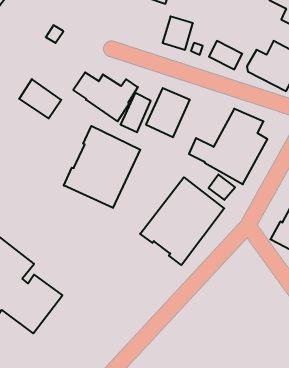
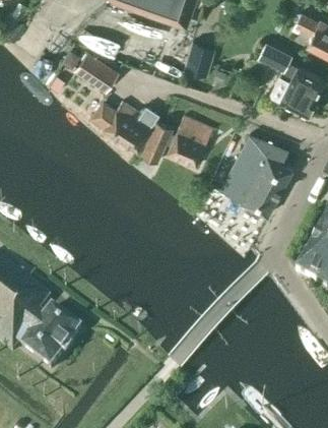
building: [209,41,242,69] -> [258,41,292,70]
building: [19,79,61,118] -> [74,50,118,90]
building: [64,126,140,208] -> none
building: [140,177,224,265] -> none

